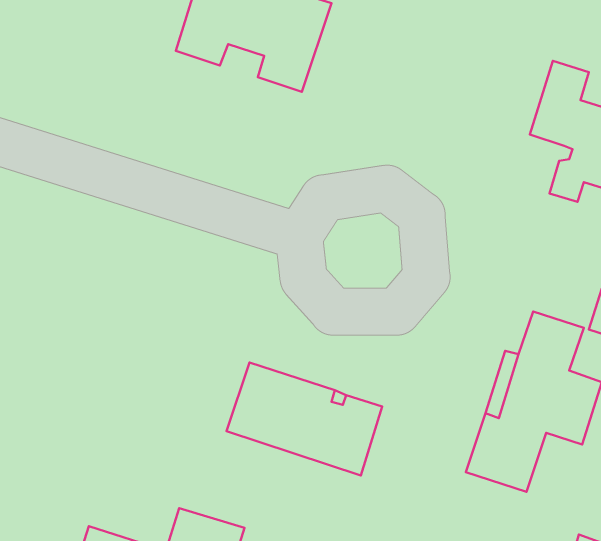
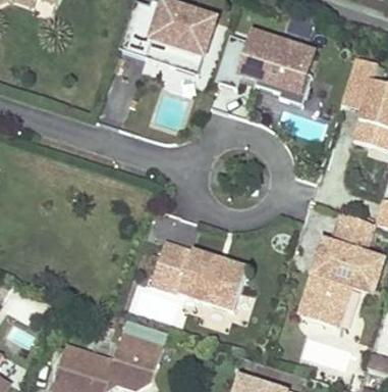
building: none -> [216,33,314,104]

